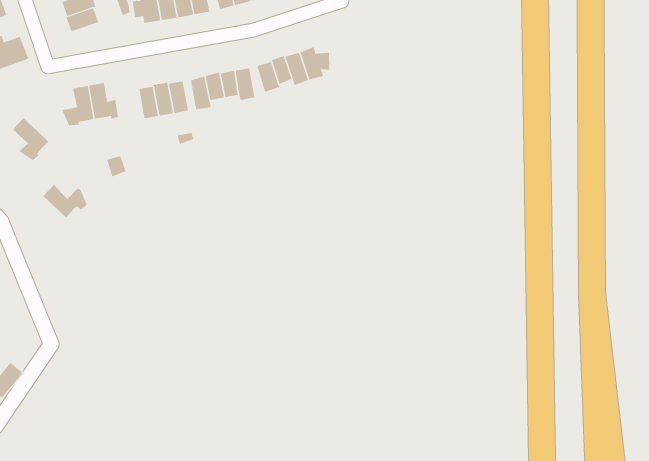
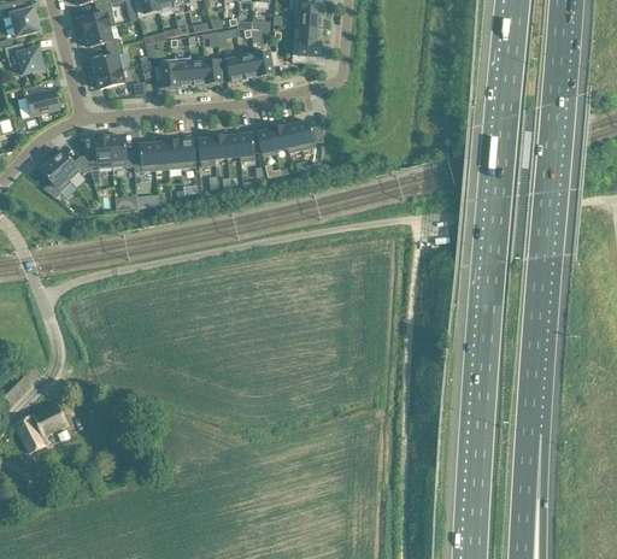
building: none -> [133,142,155,171]
building: [43,184,88,219] -> [51,148,89,180]
building: none -> [14,401,67,452]

